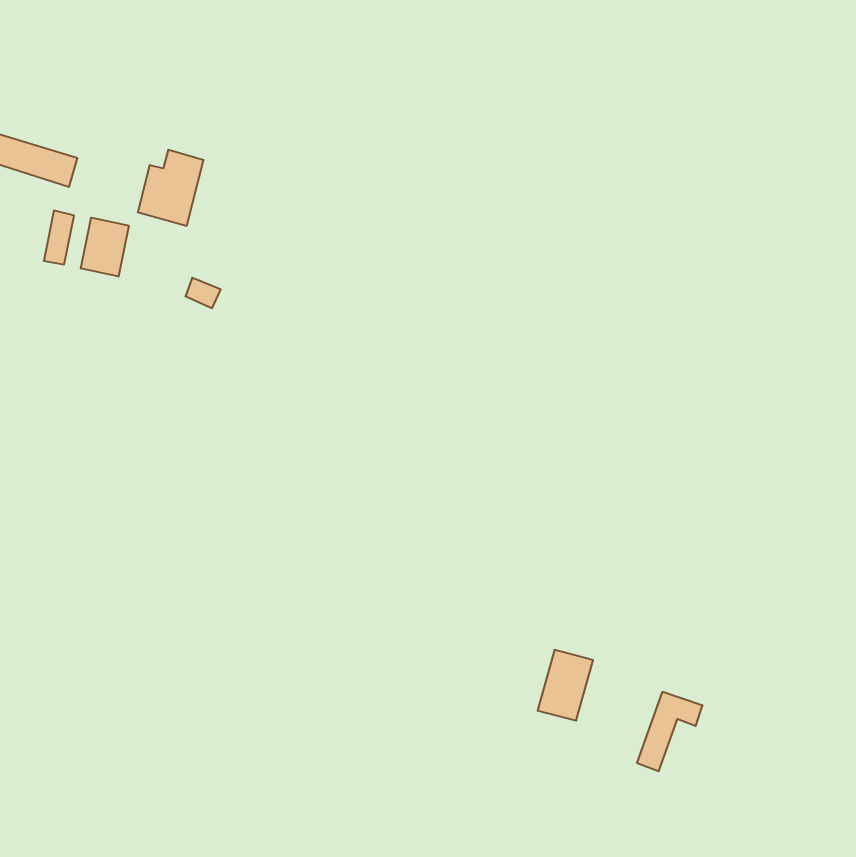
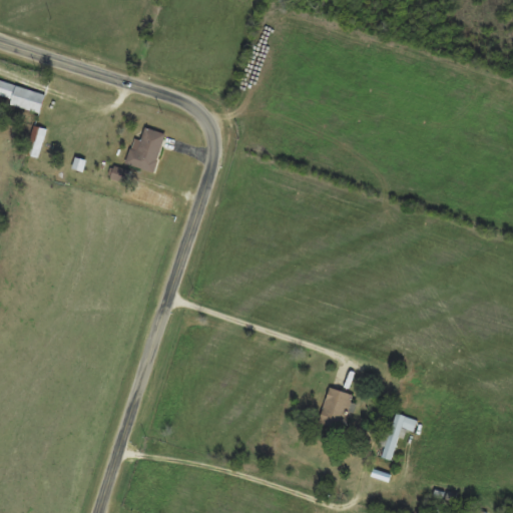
building: [138,150,204,226] -> [125,127,164,172]
building: [81,218,129,277] -> none

